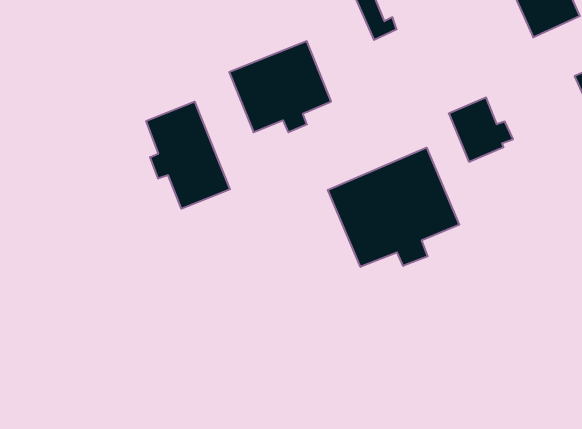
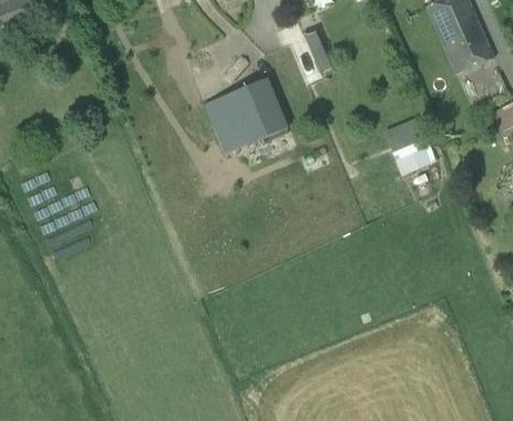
building: [146,102,230,209] -> none
building: [328,148,459,267] -> none

